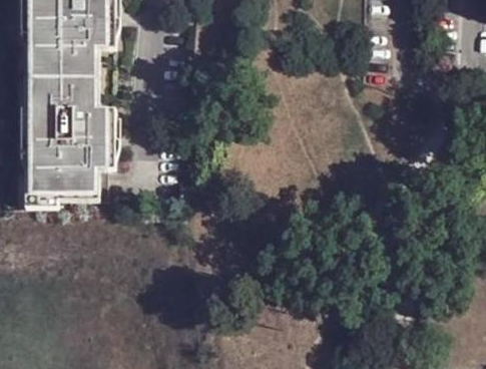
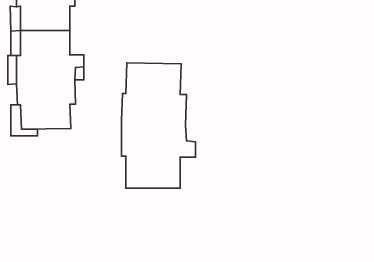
building: none -> [122,63,195,188]

